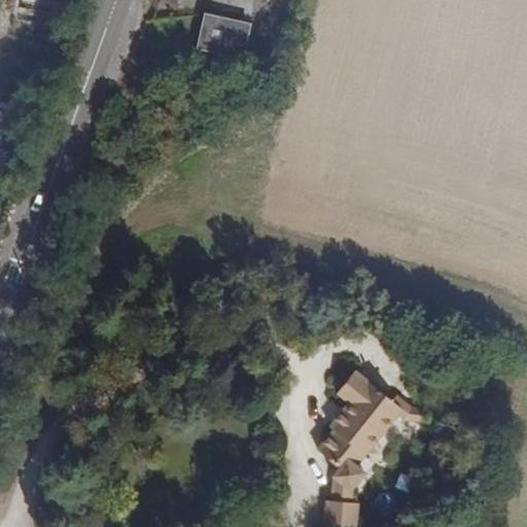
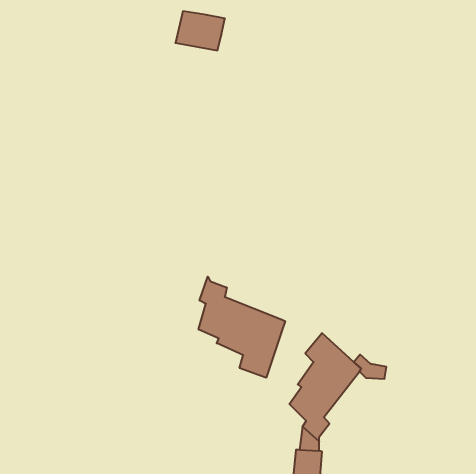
building: none -> [199,277,285,378]

